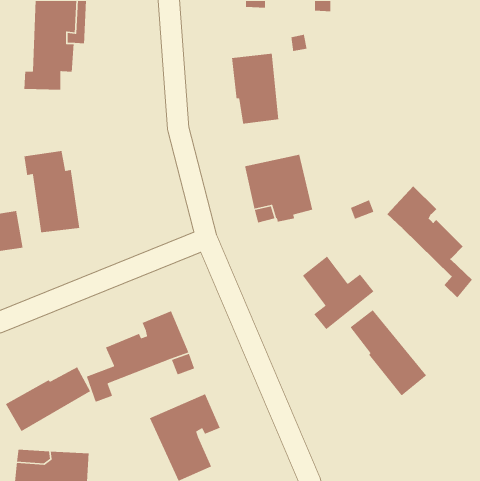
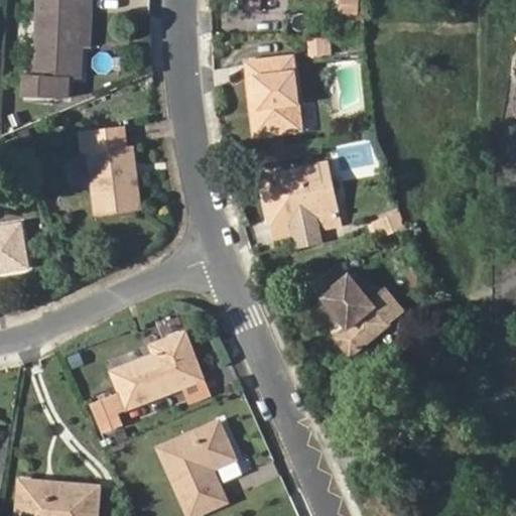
building: [24,150,80,233] -> [80,125,140,214]
building: [387,186,473,298] -> none
building: [350,309,427,396] -> none
building: [5,366,91,432] -> none

